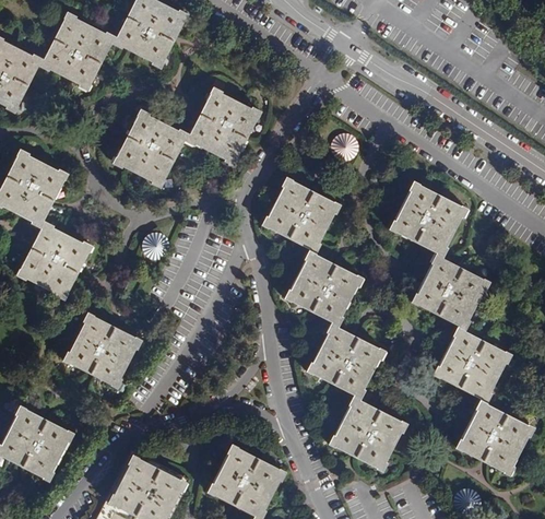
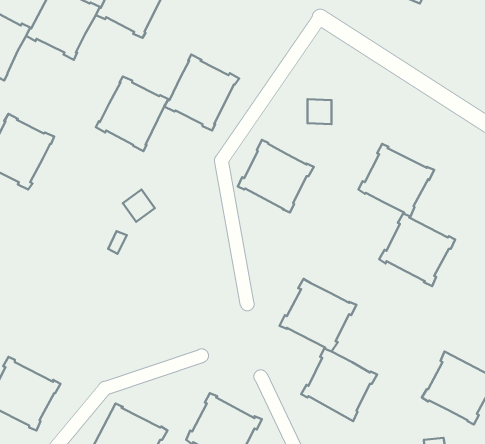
building: [16,222,94,300] -> none
building: [284,249,364,327] -> none
building: [63,311,143,389] -> none
building: [433,326,513,403] -> none

